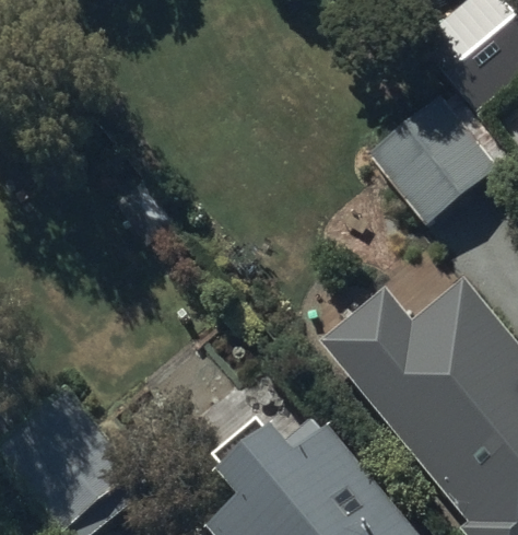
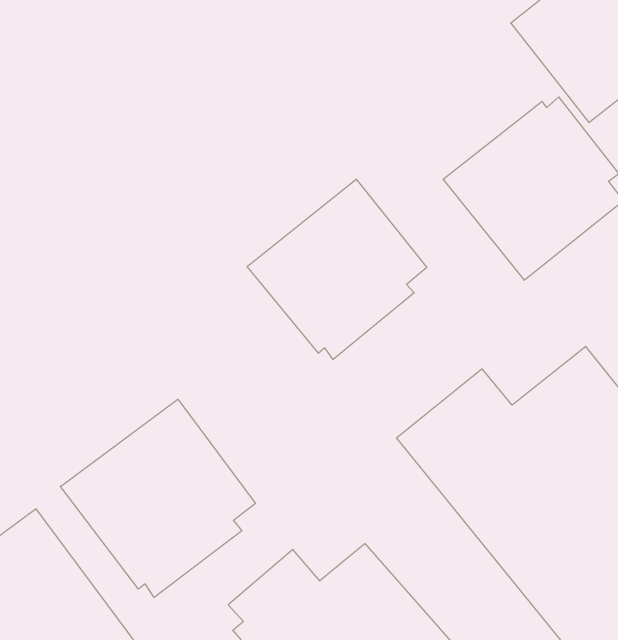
building: none -> [247,179,427,360]
building: none -> [60,399,255,597]

